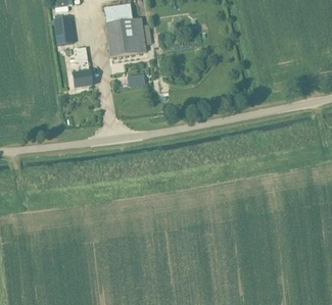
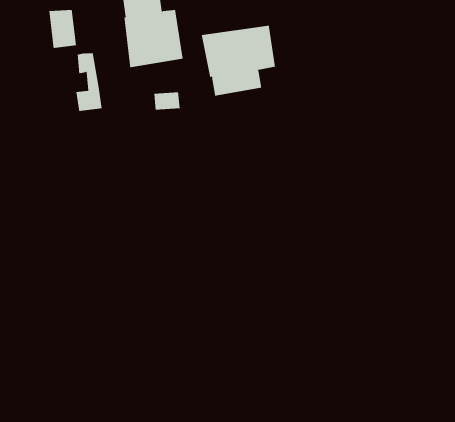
building: none -> [201,25,276,96]

